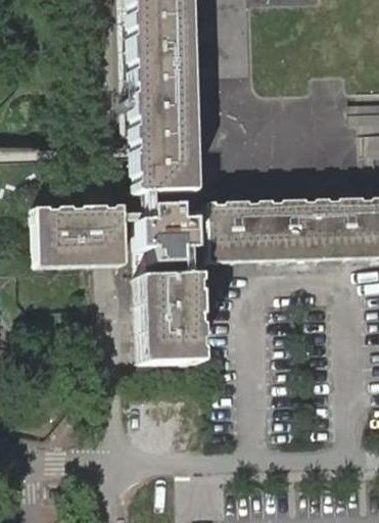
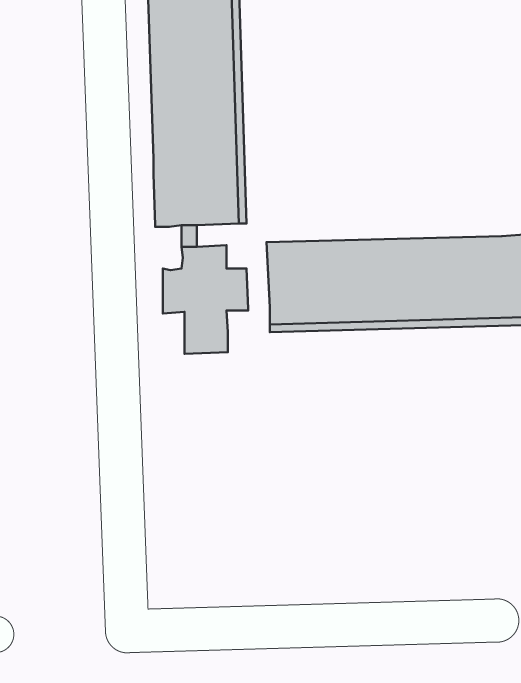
building: [39,204,126,260] -> none
building: [146,274,203,361] -> none

